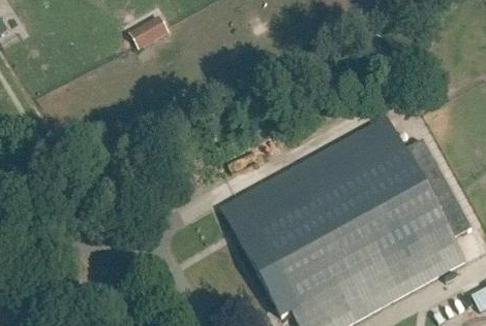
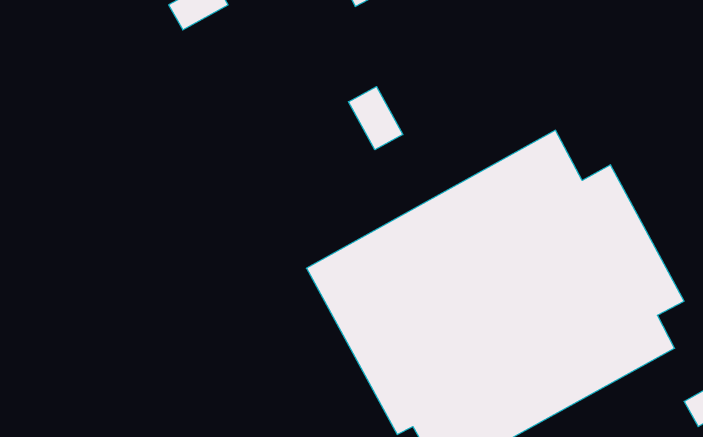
building: none -> [348,87,403,150]

